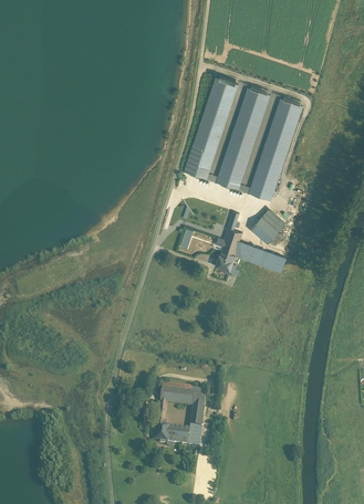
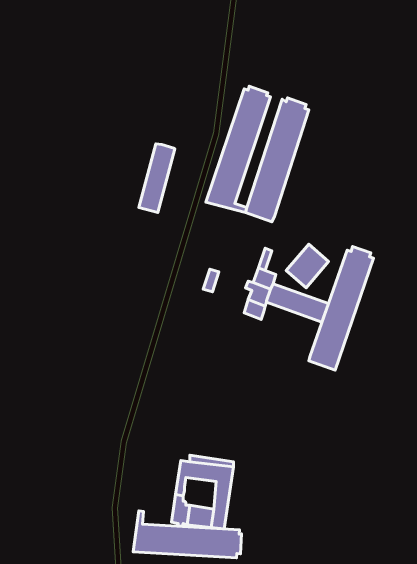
building: [249,95,303,199] -> [309,246,374,370]
building: none -> [139,144,175,213]
building: none -> [133,511,242,558]

